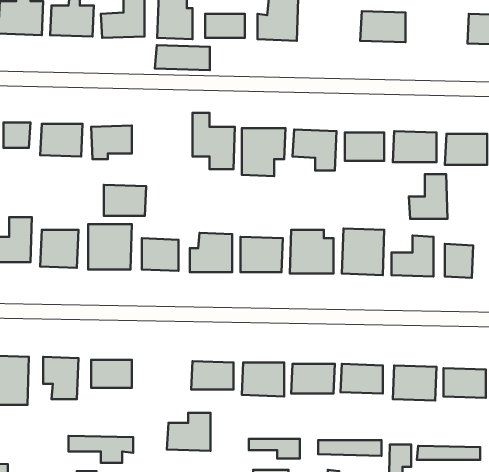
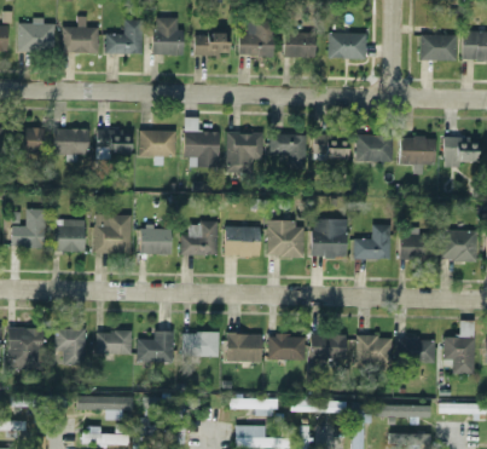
building: none -> [284,33,317,59]
building: [155,45,210,70] -> none
building: [409,174,448,219] -> none
building: [104,185,146,216] -> [140,131,176,157]
building: [167,413,211,451] -> [137,332,174,364]

